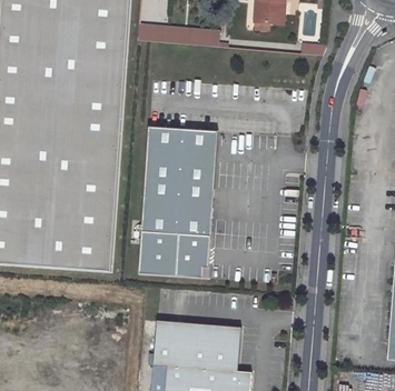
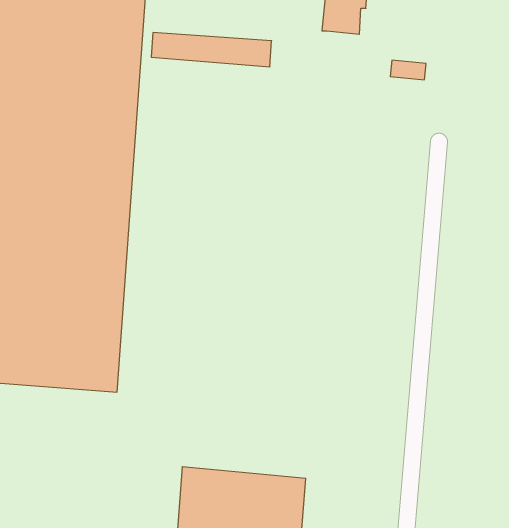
building: [139,128,218,278] -> none

